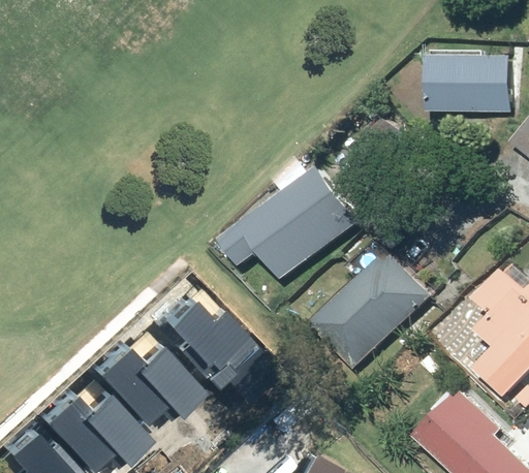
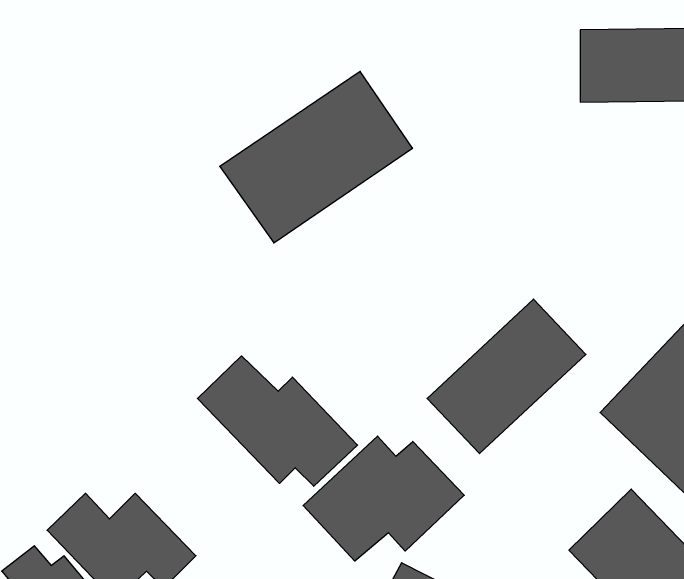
building: [218,168,359,293] -> [220,71,413,243]
building: [97,347,206,424] -> none
building: none -> [303,436,464,561]

